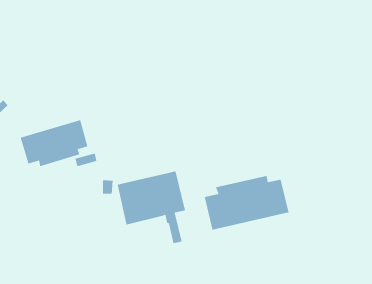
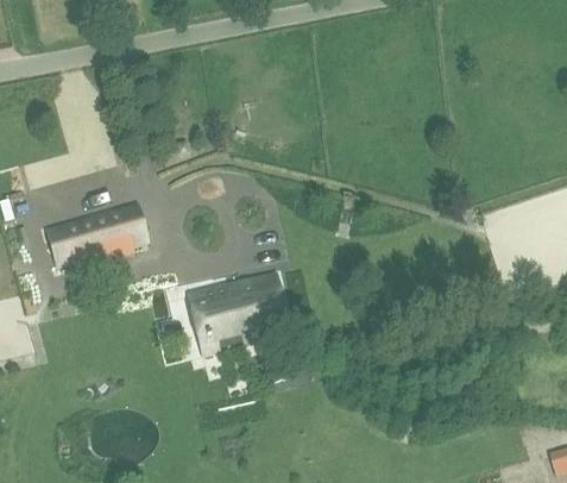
building: [204,175,289,231] -> none

